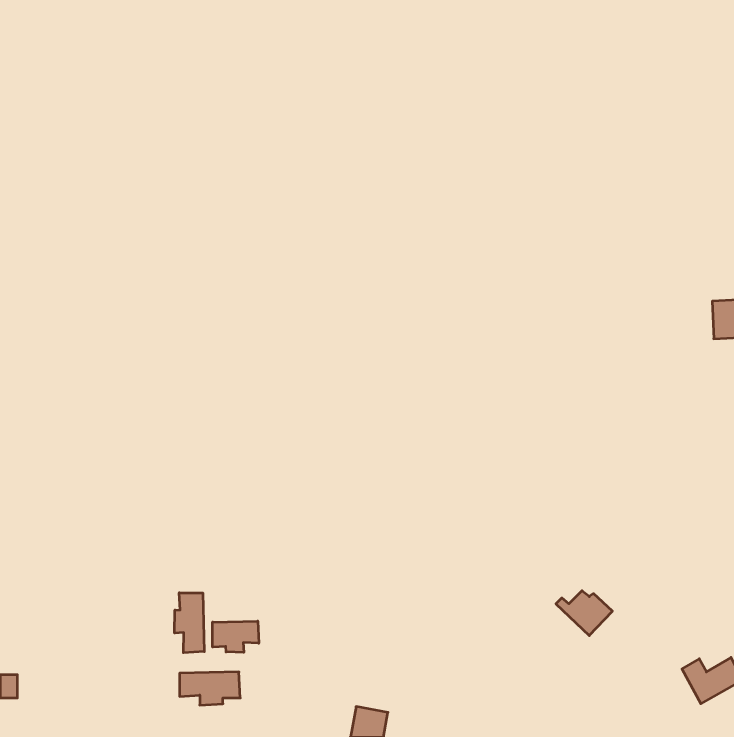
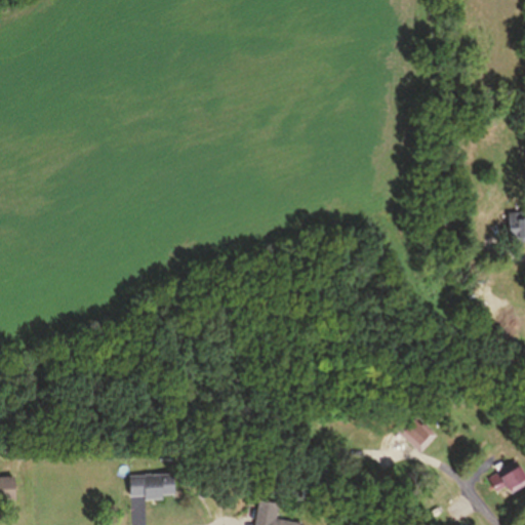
building: [175,593,204,653] -> none
building: [213,621,259,652] -> none

